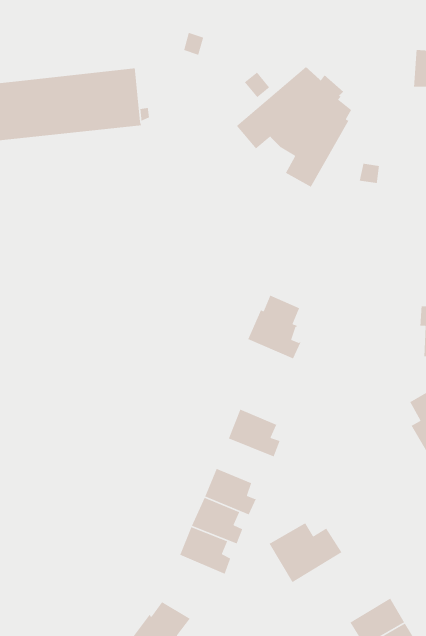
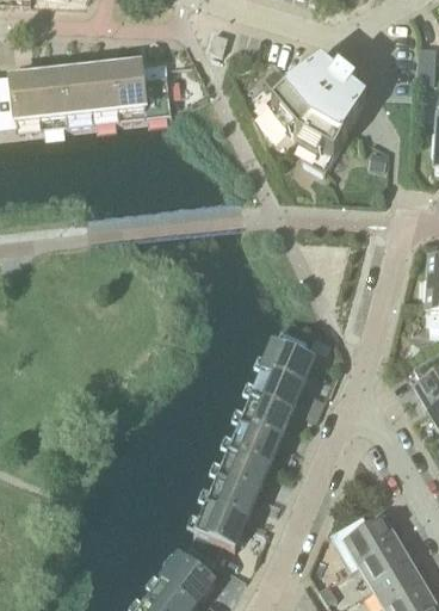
building: [247,295,302,359] -> [261,329,310,388]
building: none -> [240,397,292,440]
building: [268,522,342,583] -> [330,513,397,568]
building: none -> [194,502,248,548]

